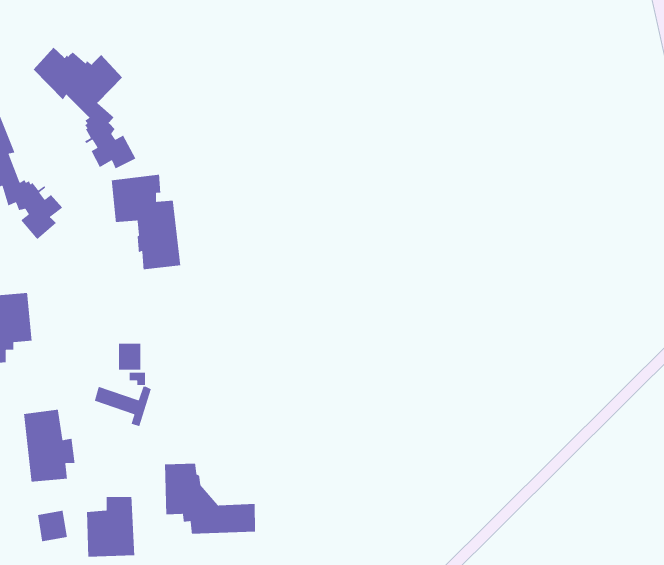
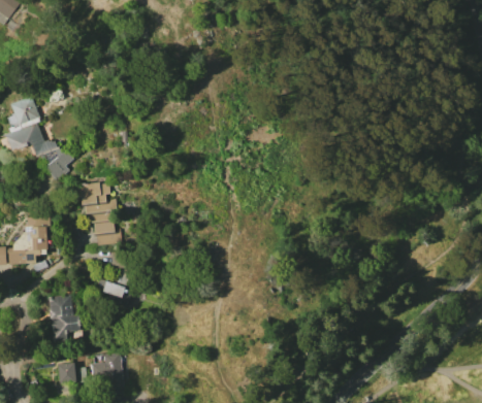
building: [33,47,137,169] -> none
building: [111,174,181,270] -> [74,180,122,245]
building: [164,463,256,534] -> none

